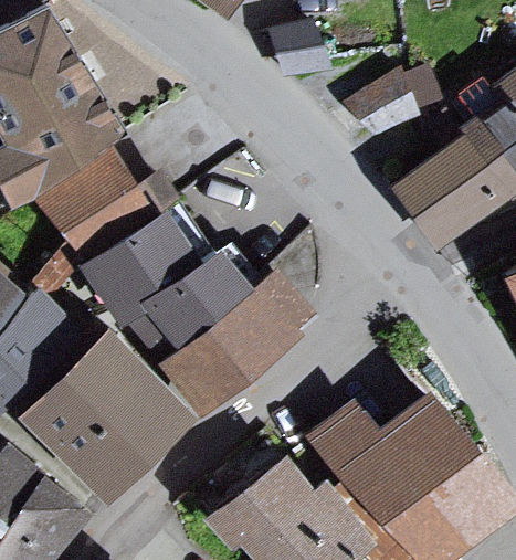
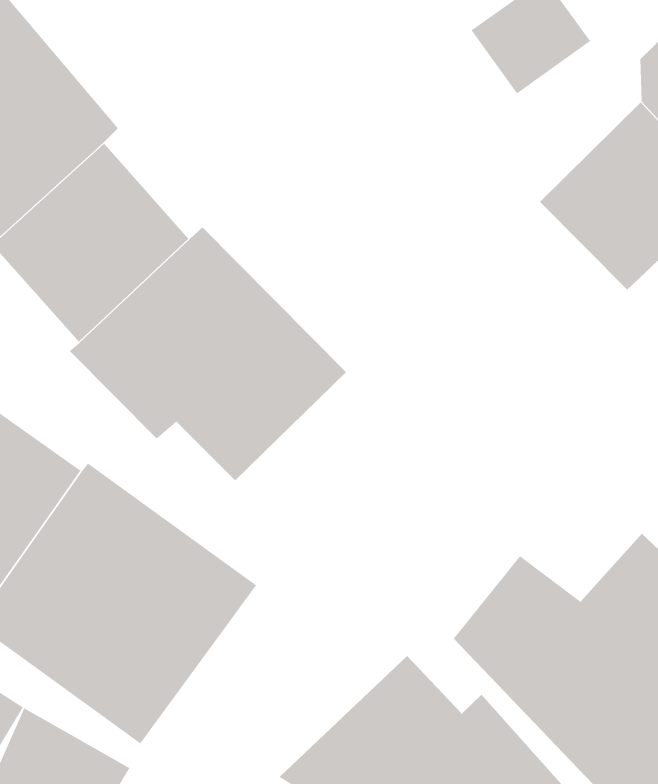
building: [173,260,330,408] -> none

